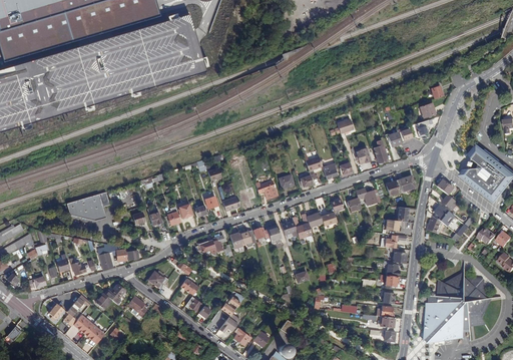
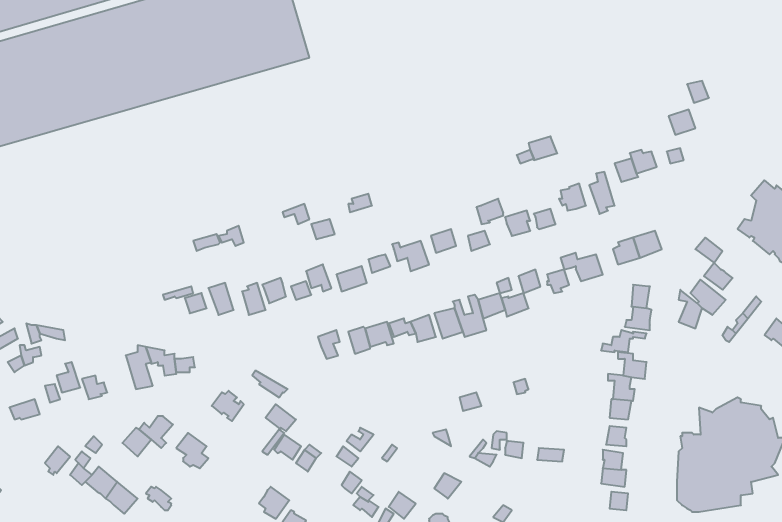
building: [66,192,108,220] -> none

